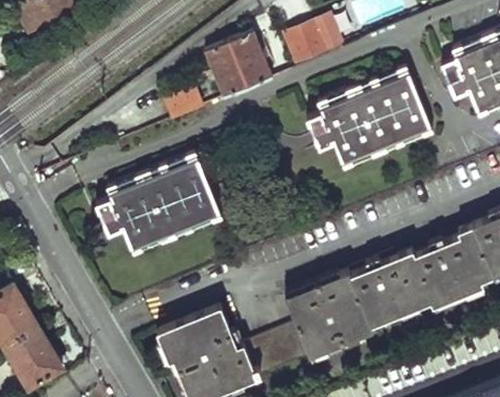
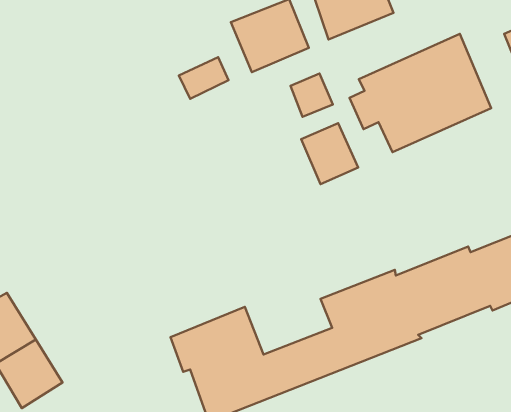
building: none -> [290,73,333,117]
building: none -> [301,123,358,184]
building: [98,151,221,253] -> none

